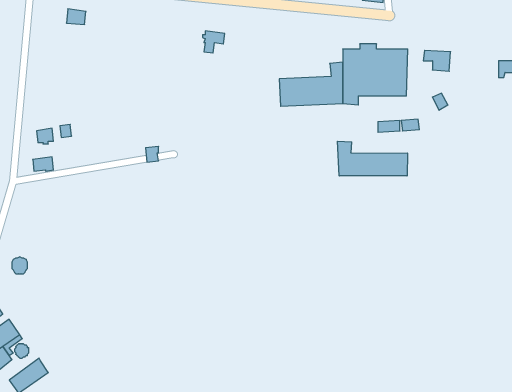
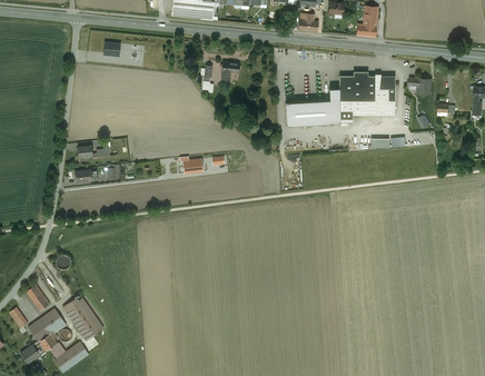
building: [337,141,407,176] -> none
building: none -> [62,298,102,340]

